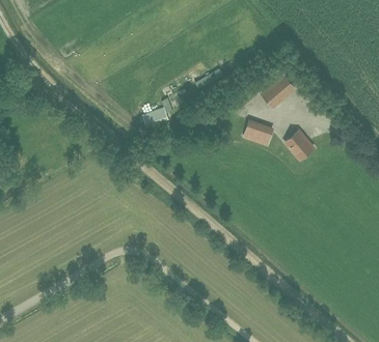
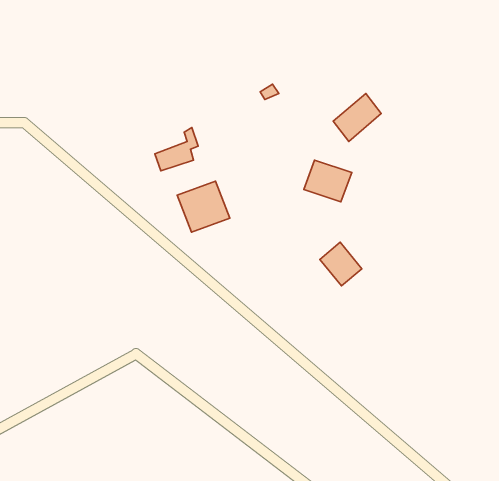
building: [285,131,313,160] -> [320,242,362,286]
building: none -> [177,181,230,232]

